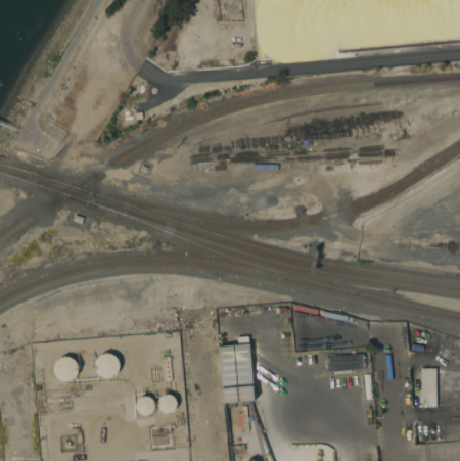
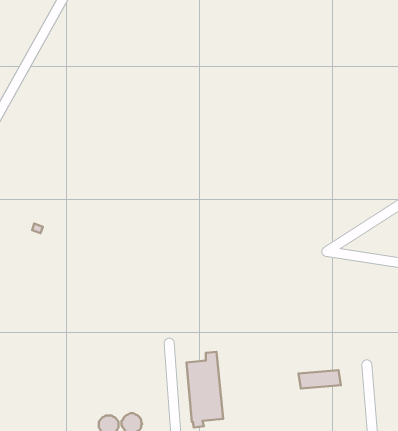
building: [95,354,120,378] -> none
building: [54,356,79,381] -> none

